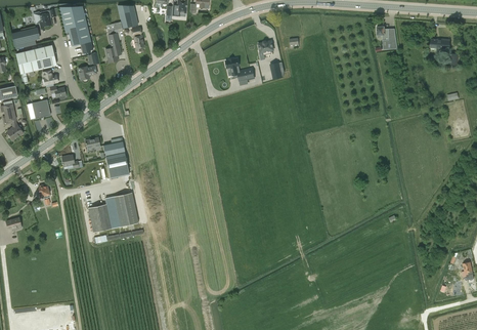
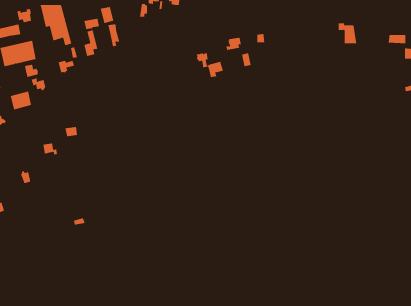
building: [103,140,129,177] -> none
building: [114,192,137,226] -> none
building: [88,203,112,232] -> none

